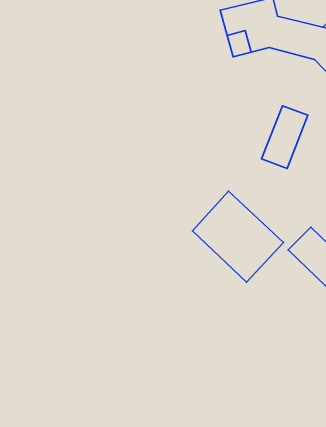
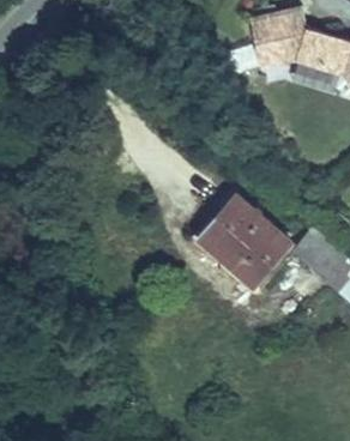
building: [262,106,308,168] -> none

